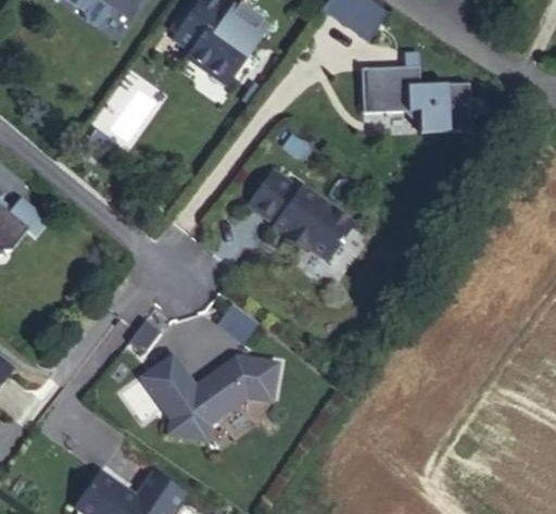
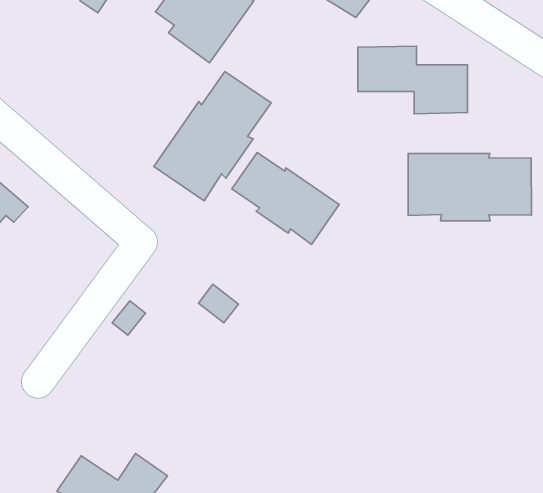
building: none -> [154,71,271,201]
building: none -> [408,153,531,221]
building: [141,352,277,437] -> none

